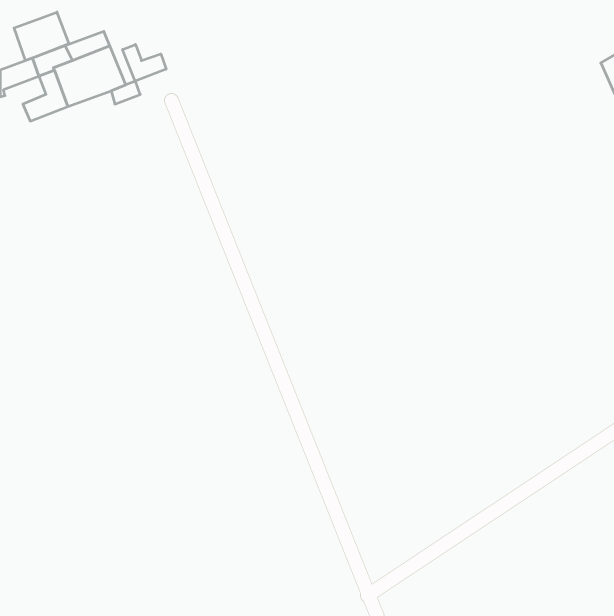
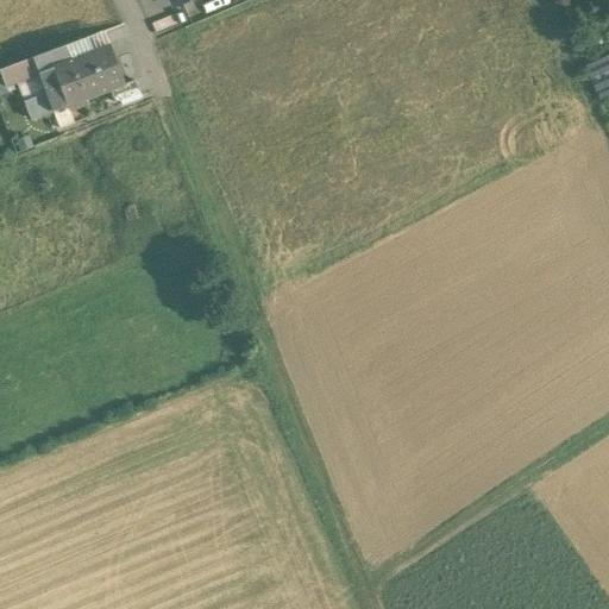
building: [14,12,69,60] -> none
building: [123,44,166,81] -> none

